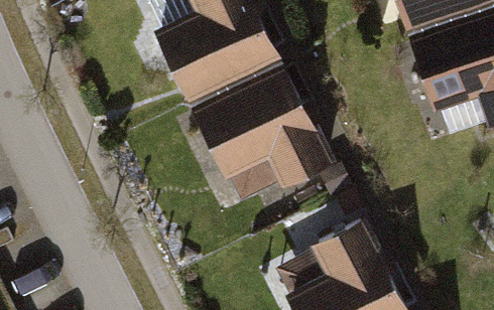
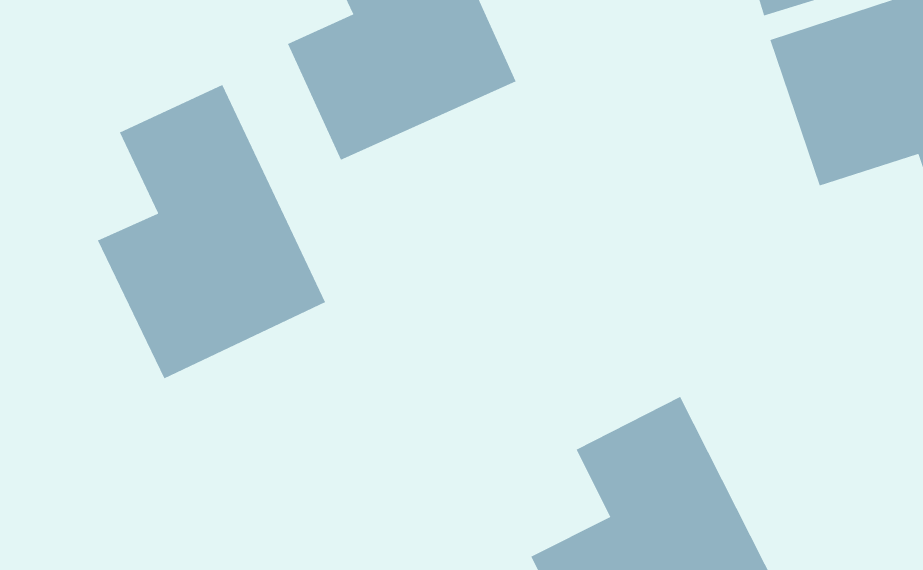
building: none -> [97,84,326,379]
building: [196,71,329,183] -> none

